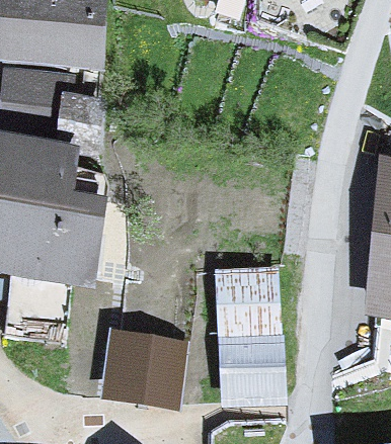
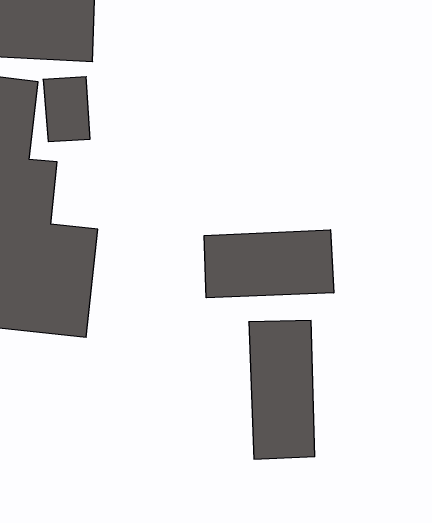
building: none -> [204,230,334,298]
building: [105,328,185,401] -> none

